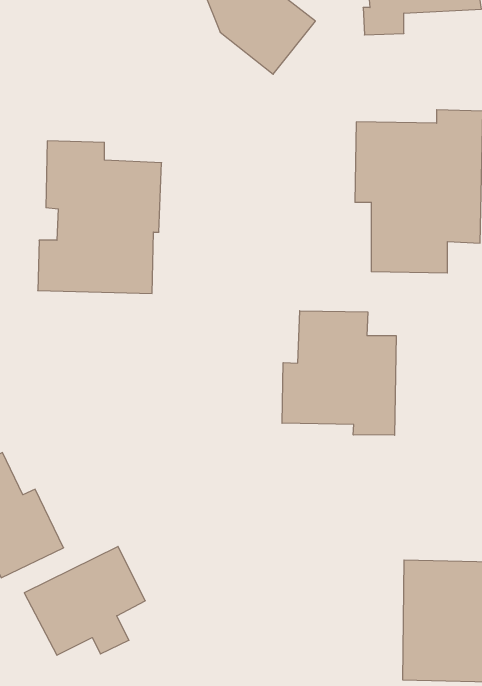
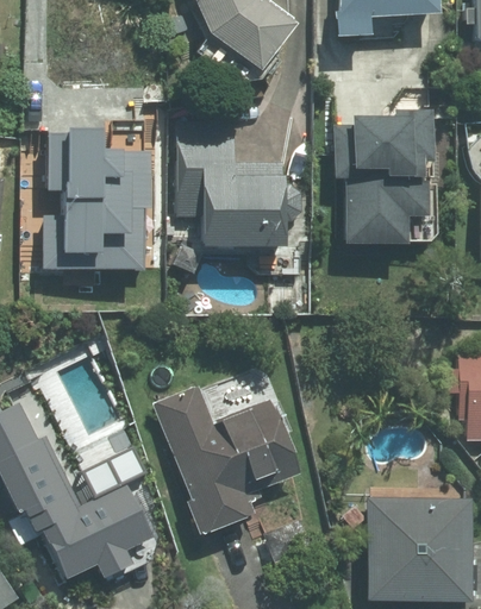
building: none -> [177,124,282,246]
building: [282,311,396,435] -> none
building: none -> [156,387,299,535]

